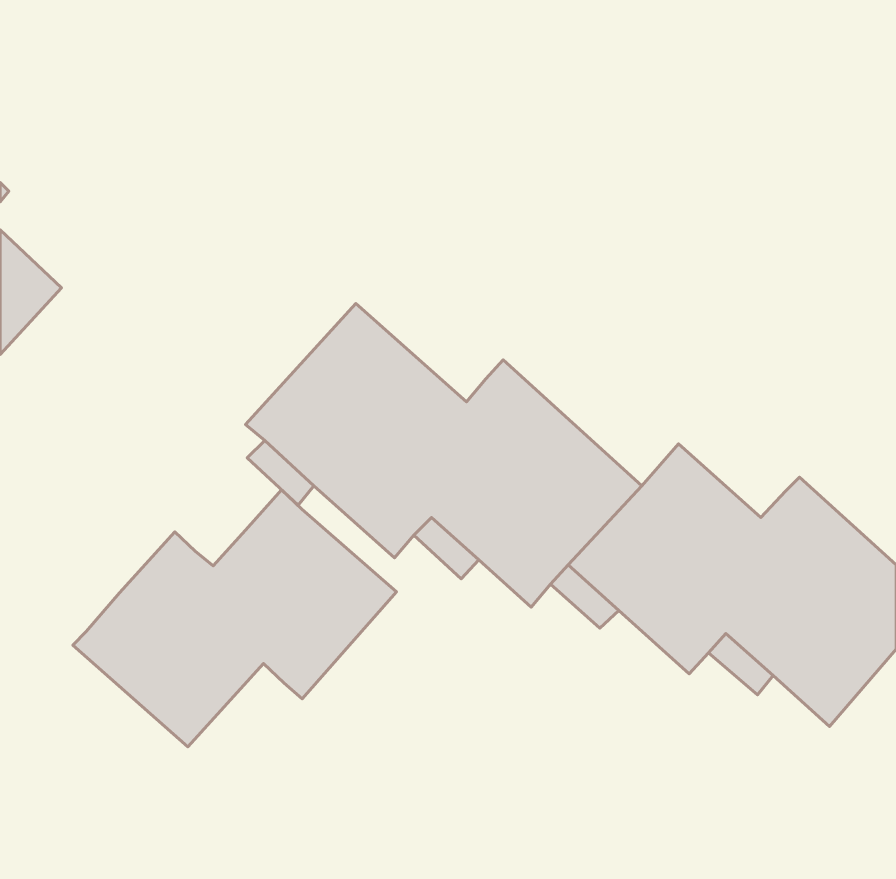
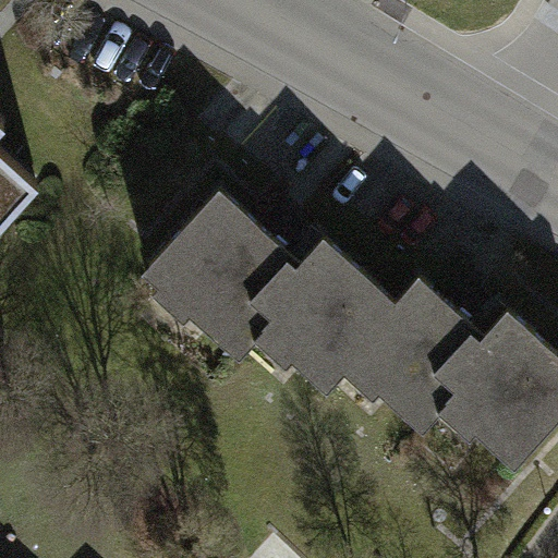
building: [73,490,397,747] -> none

